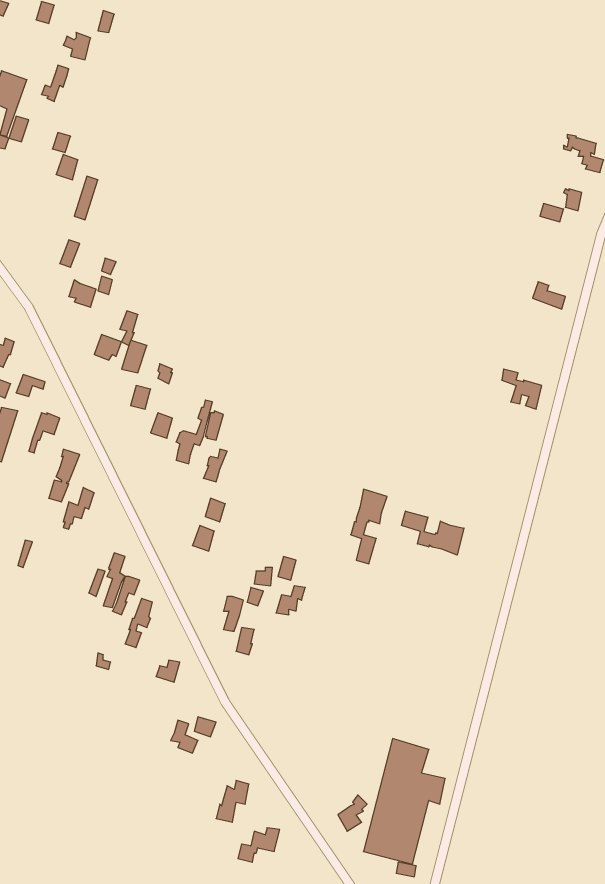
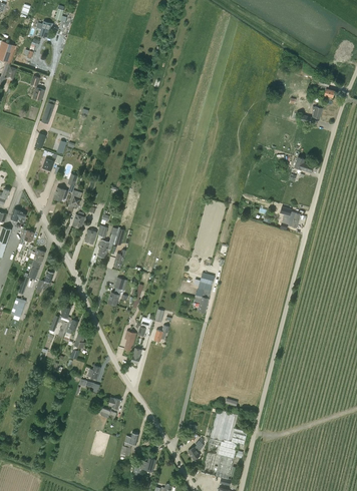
building: [402,511,464,555] -> none

